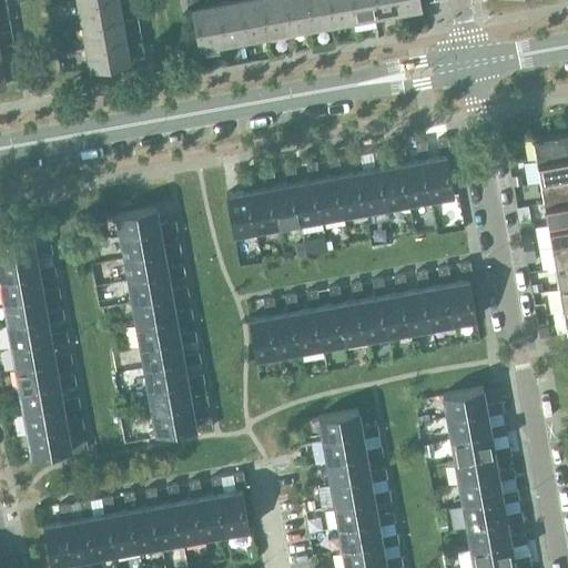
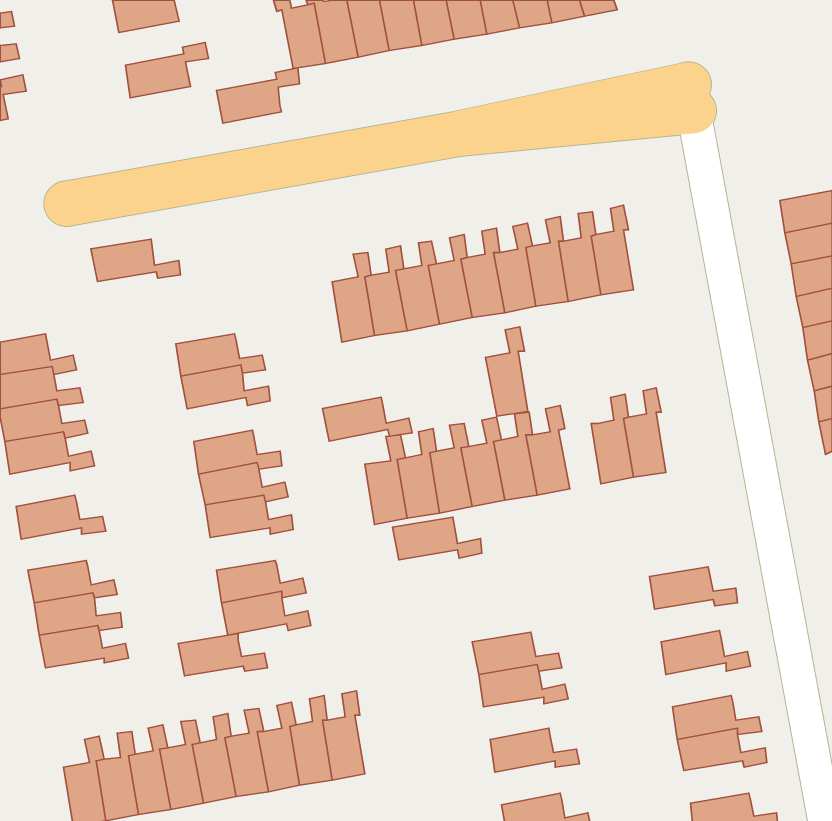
building: [81,14,138,52] -> [216,68,299,123]
building: [425,144,454,205] -> none
building: [115,213,176,242] -> [91,239,181,282]
building: [447,268,476,329] -> none
building: [128,278,189,308] -> [323,397,412,441]
building: [381,280,409,341] -> [486,327,528,416]
building: [7,323,68,353] -> none
building: [14,367,75,396] -> none
building: [143,367,204,396] -> [178,634,268,676]
building: [317,416,378,445] -> [392,517,482,560]
building: [446,416,507,445] -> none
building: [454,459,515,489] -> none
building: [329,483,390,511] -> none
building: [337,526,398,556] -> none
building: [466,526,527,555] -> none

